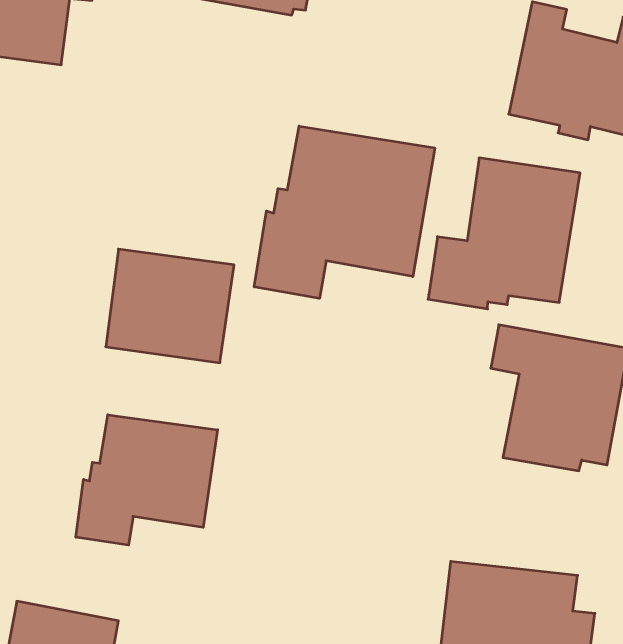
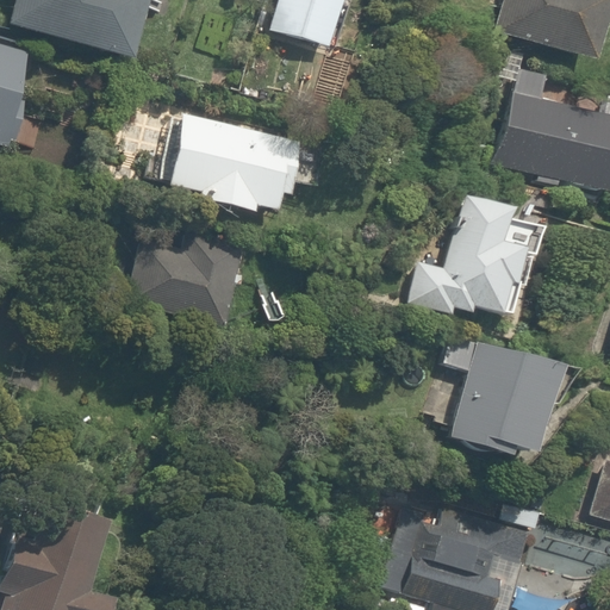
building: none -> [113,113,304,214]
building: [254,126,435,298] -> none
building: [76,415,218,545] -> none

